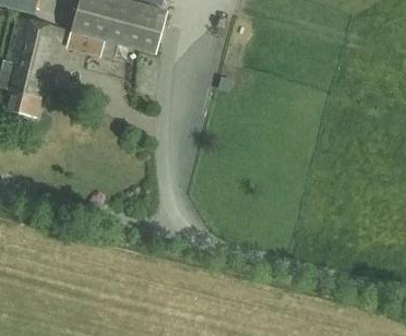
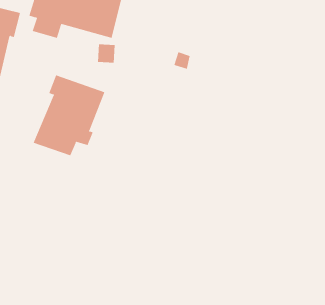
building: none -> [33,74,105,156]

